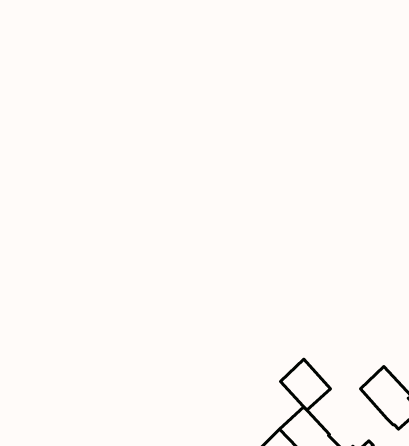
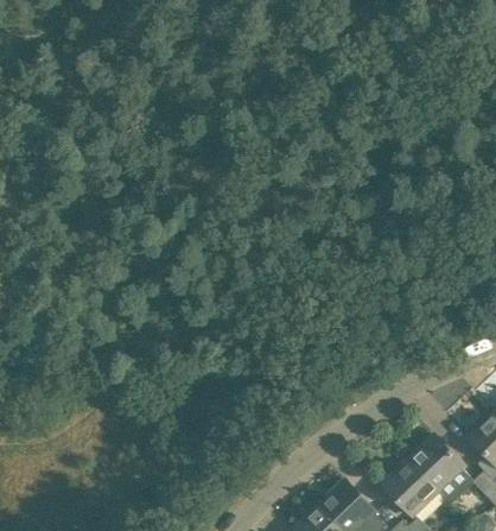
building: [280,359,330,410] -> [383,459,439,516]

